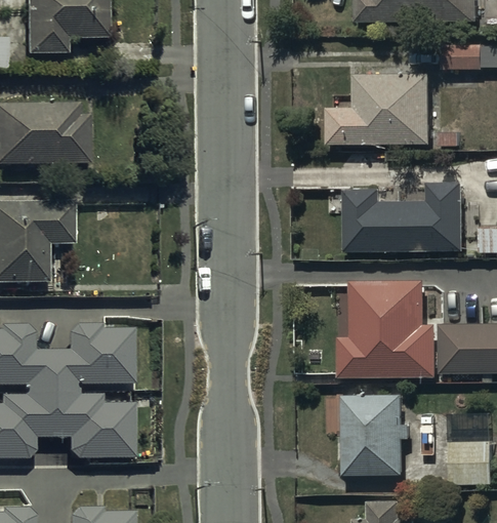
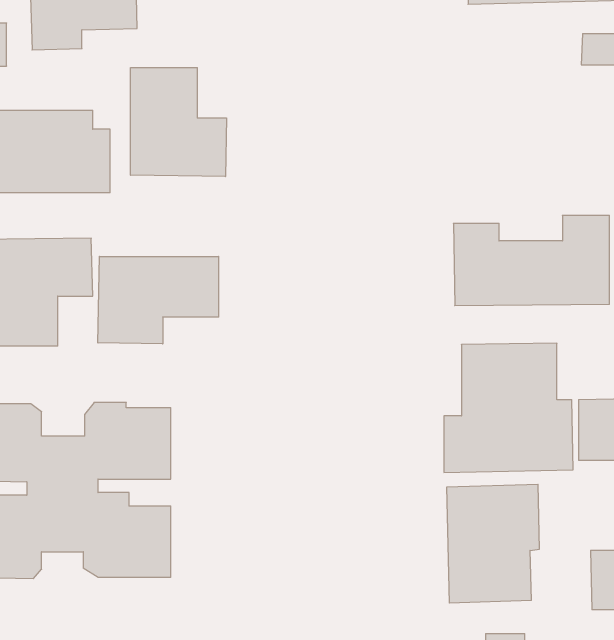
building: none -> [131,68,226,177]
building: [330,75,430,144] -> none
building: none -> [98,256,219,344]

